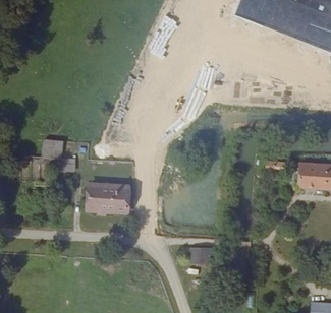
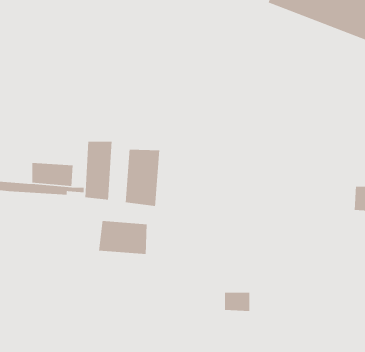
building: none -> [84,141,112,201]
building: none -> [125,149,160,207]

